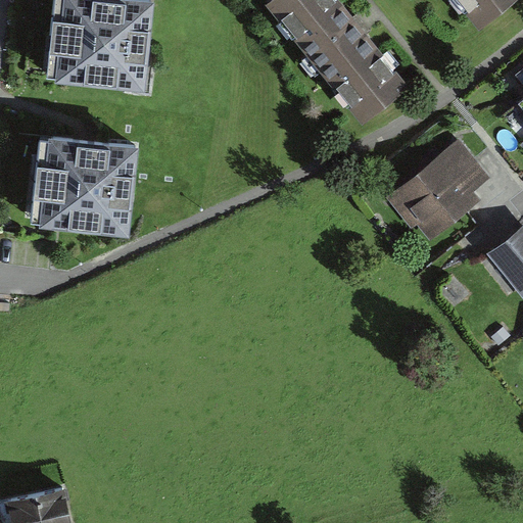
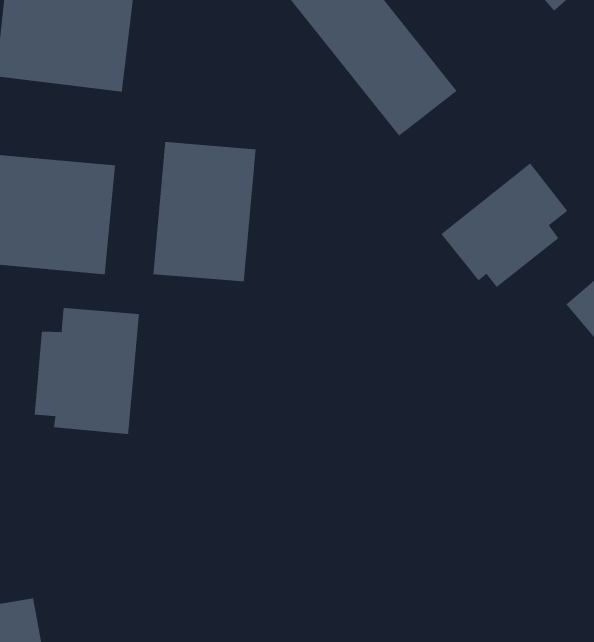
building: none -> [153,141,256,282]
building: none -> [34,307,139,435]

